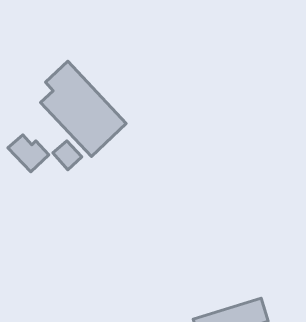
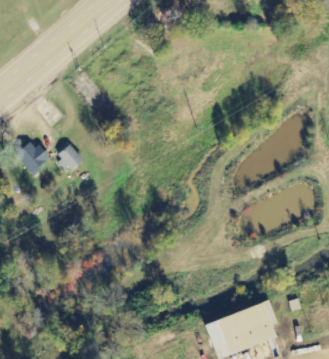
building: [40,61,126,157] -> none

